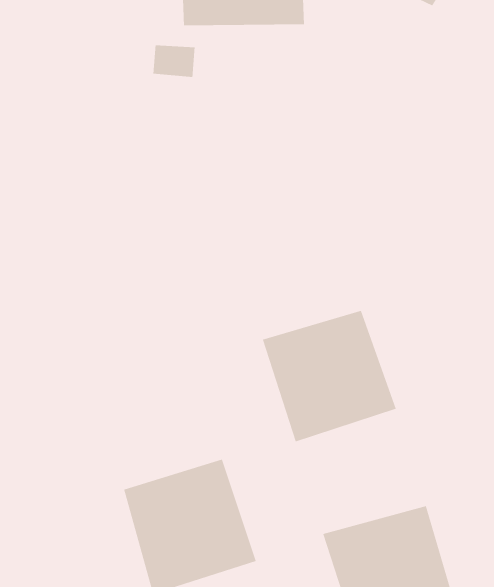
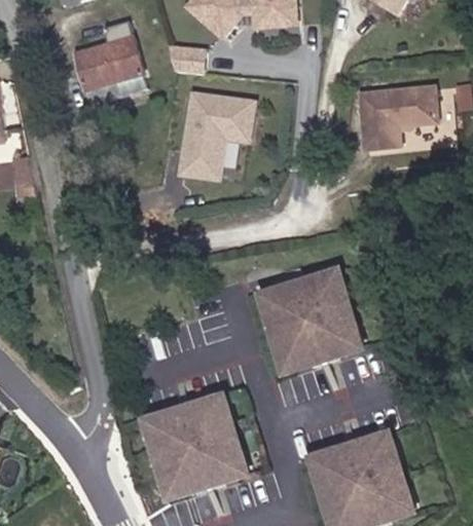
building: none -> [74,35,142,91]
building: none -> [356,84,436,150]
building: none -> [171,87,252,181]

